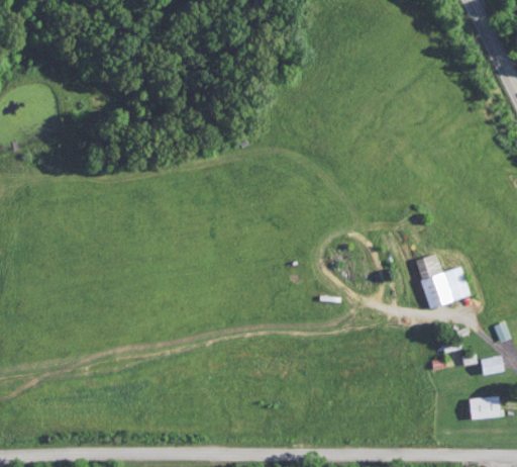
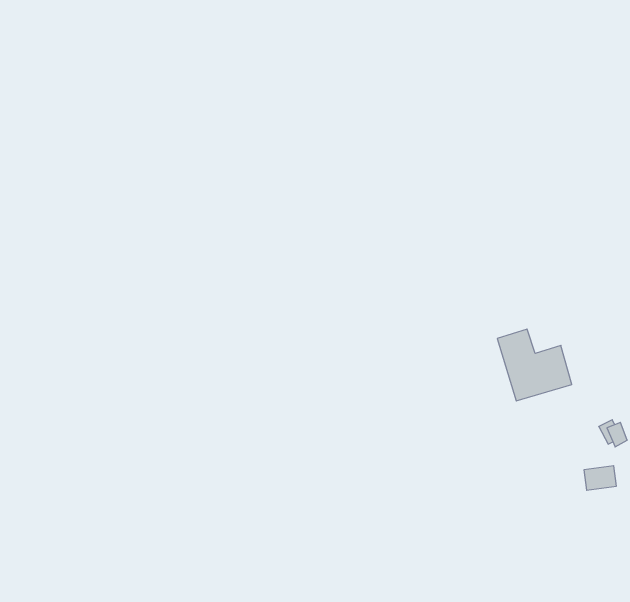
building: [469,398,504,418] -> none

